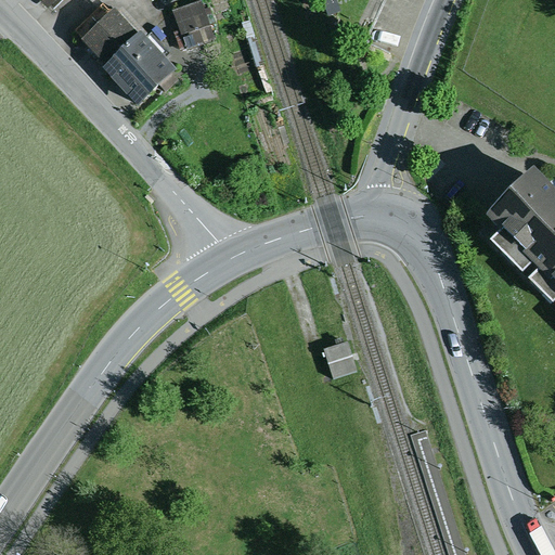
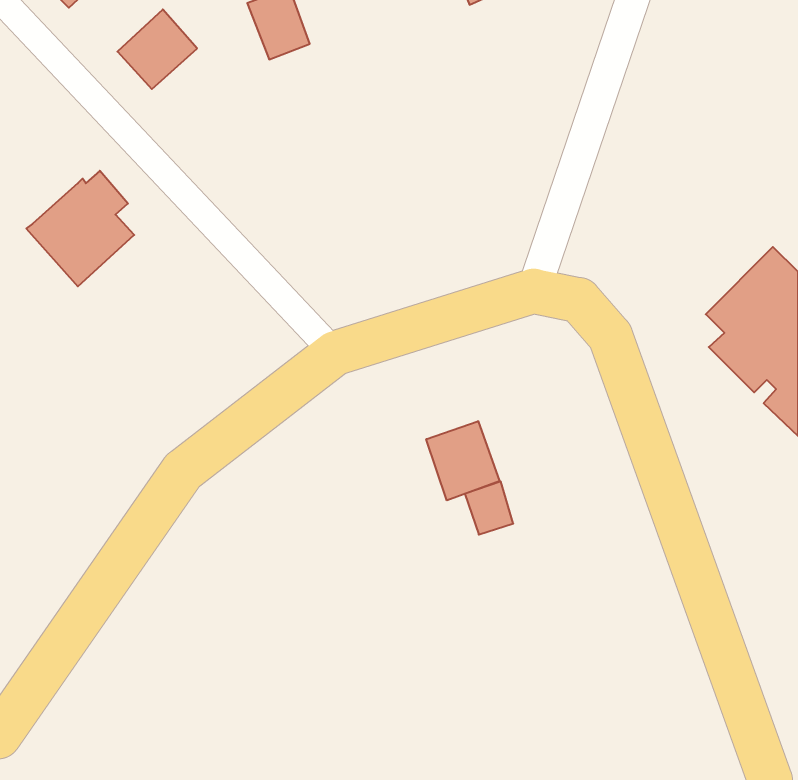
building: [101,25,176,105] -> [26,171,134,286]
building: none -> [426,421,500,500]

